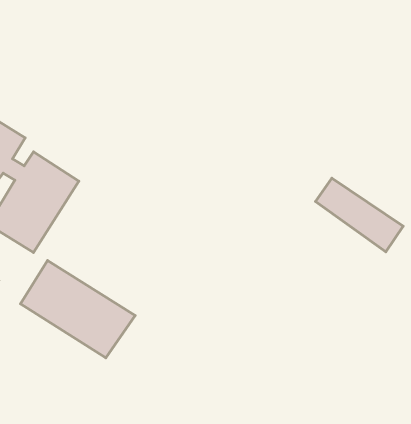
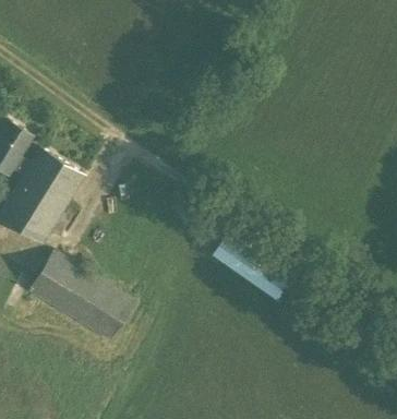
building: [316,178,403,252] -> [214,234,296,302]

